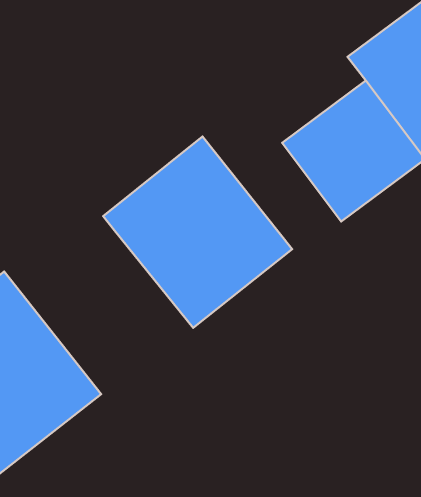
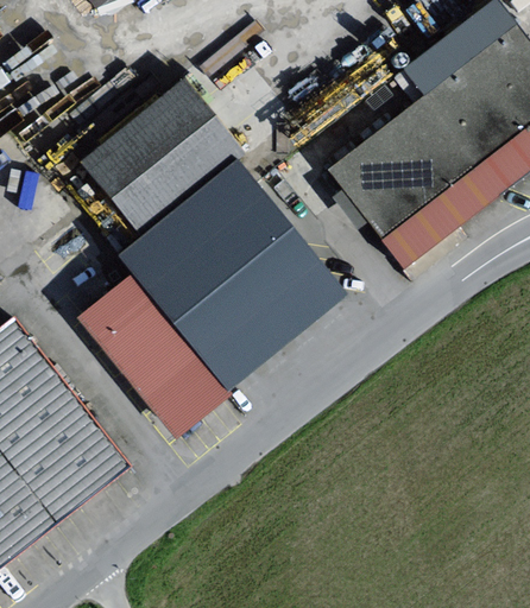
building: none -> [84,83,234,227]
building: none -> [83,273,233,435]

